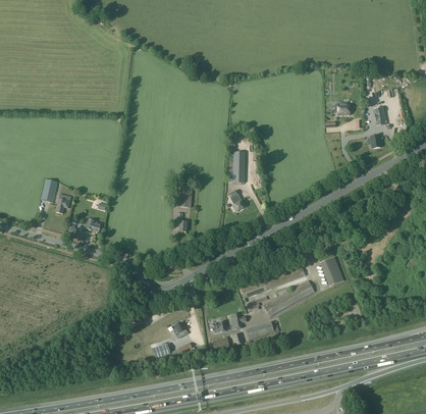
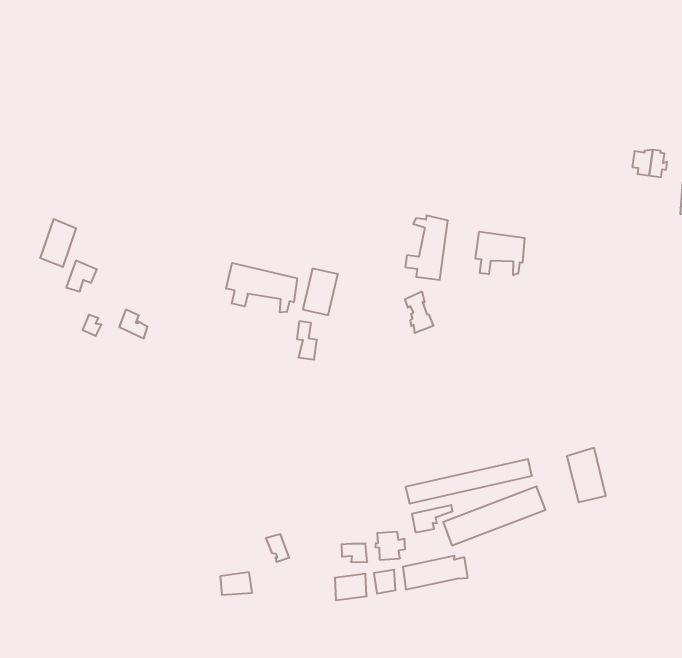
building: none -> [476,232,524,275]
building: none -> [226,263,297,312]

